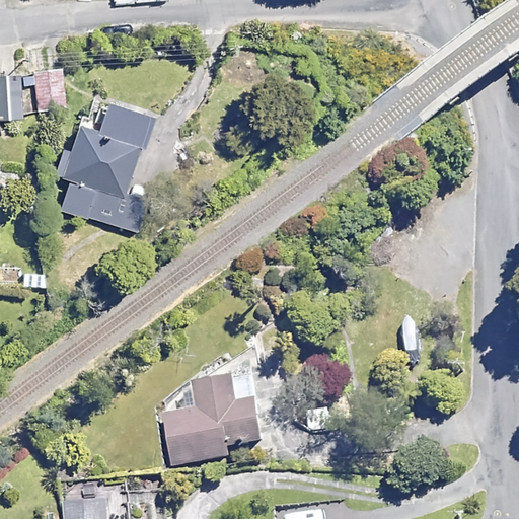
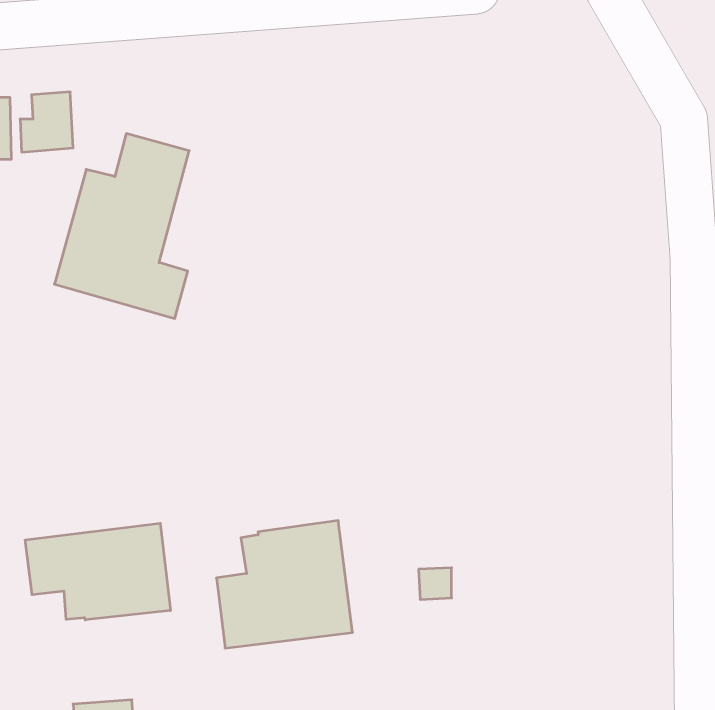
building: none -> [25,523,170,620]

